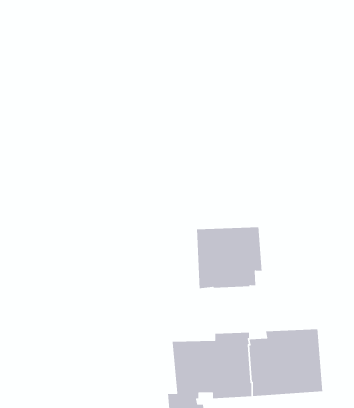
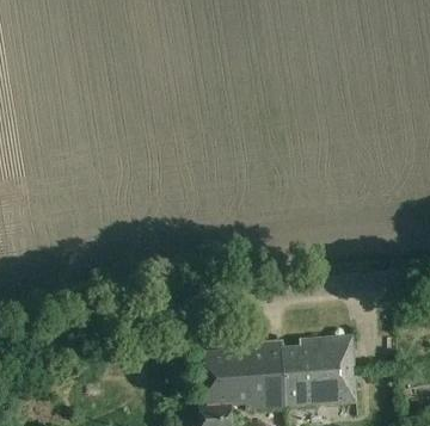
building: [196,226,263,289] -> none

